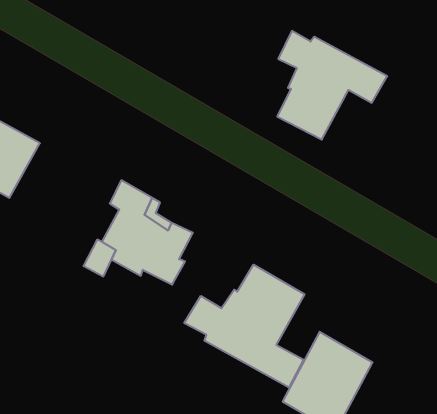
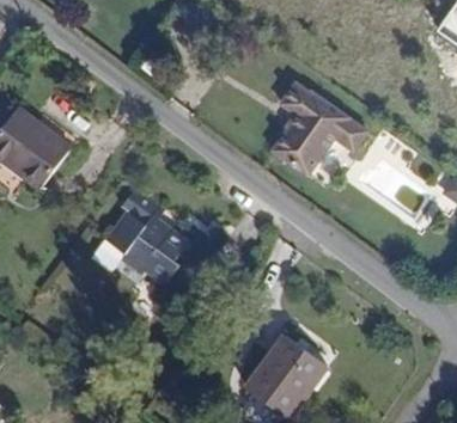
building: [184,265,304,388] -> none

